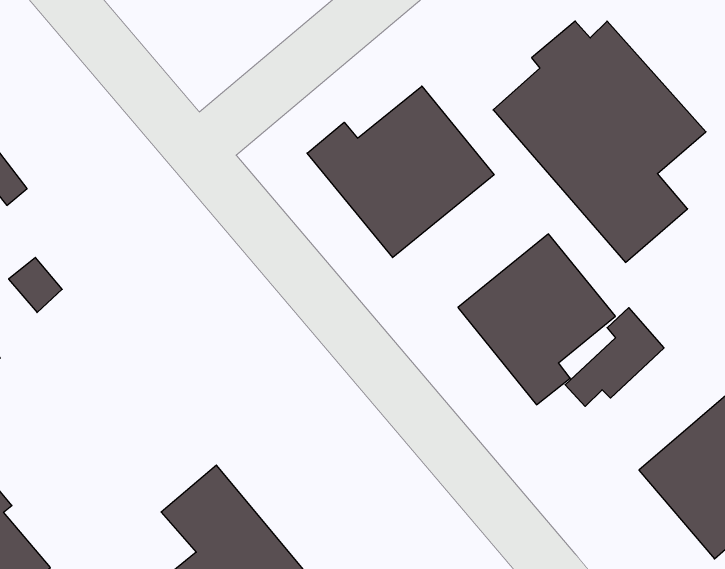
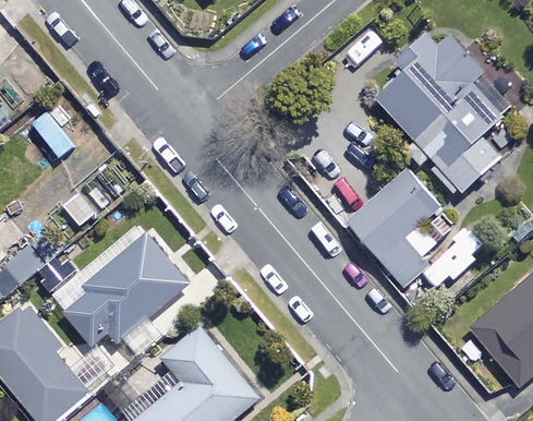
building: [307,86,494,258] -> none
building: none -> [63,233,186,345]

